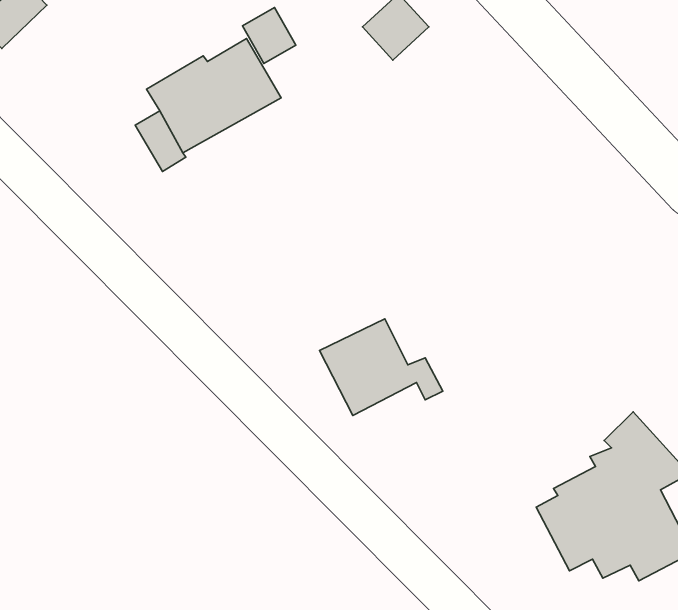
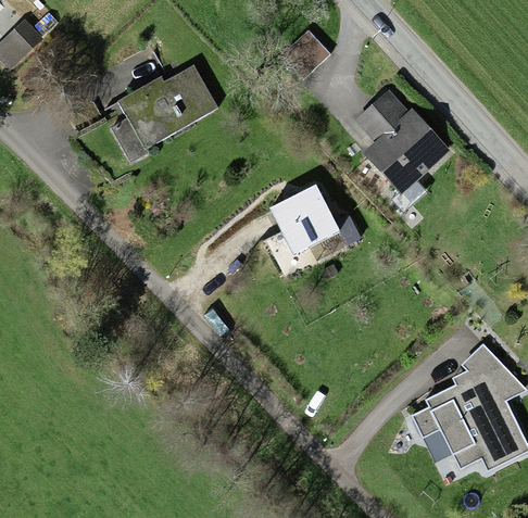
building: [242,8,296,64] -> none
building: none -> [355,89,450,193]
building: [320,319,443,416] -> [268,182,361,255]

